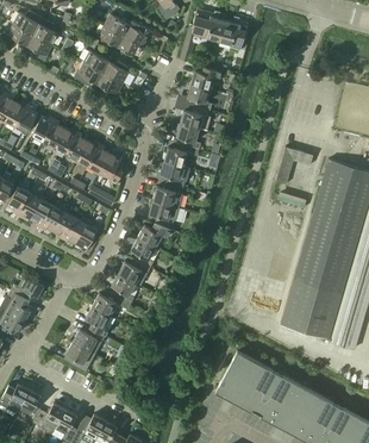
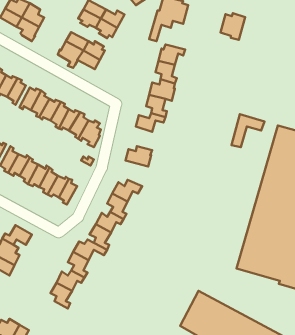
building: [219,19,248,50] -> [220,13,245,40]
building: [160,161,189,188] -> none
building: [149,200,179,230] -> none

